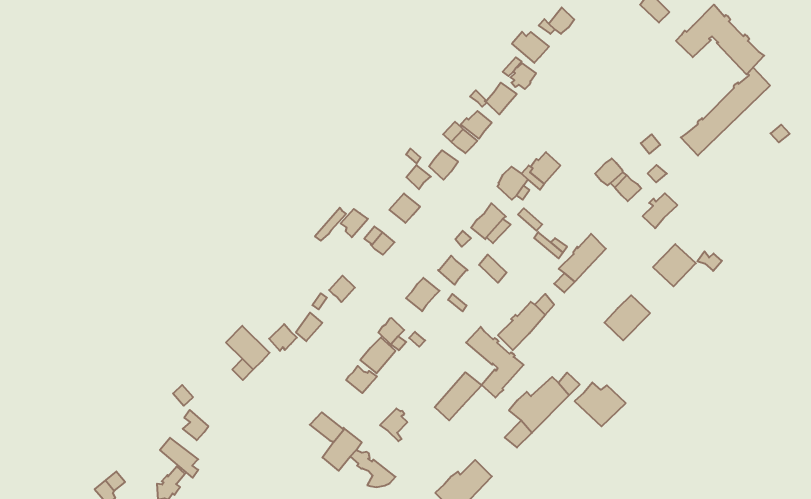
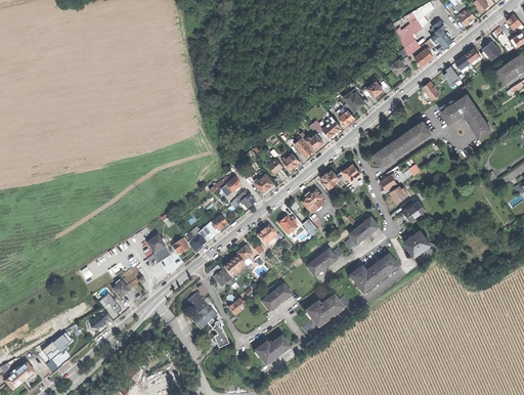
building: [681,67,770,156] -> [373,120,430,166]
building: [466,327,524,398] -> none
building: [575,382,626,426] -> [350,266,380,293]

